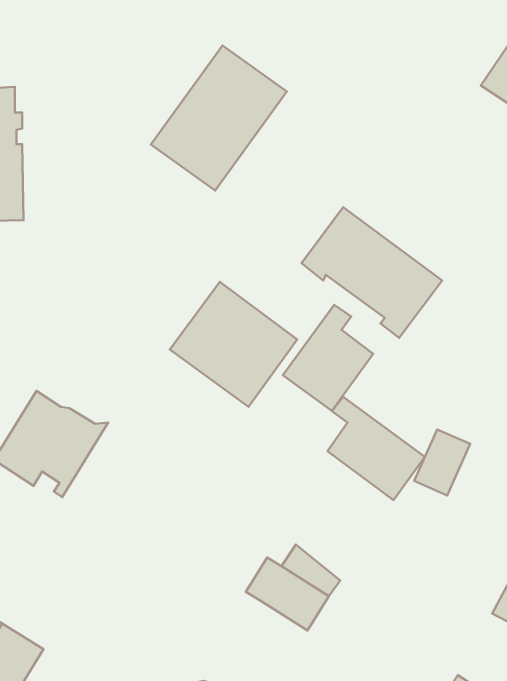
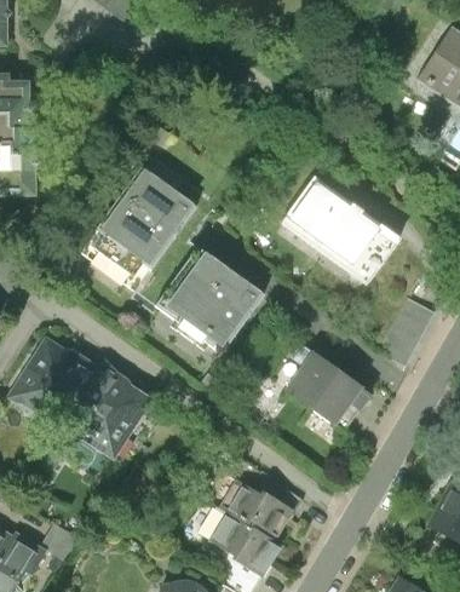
building: [151,45,287,190] -> [82,165,197,287]
building: [283,305,373,411] -> none
building: none -> [67,363,151,456]
building: [414,429,470,495] -> [380,299,427,355]
building: none -> [214,513,281,574]

